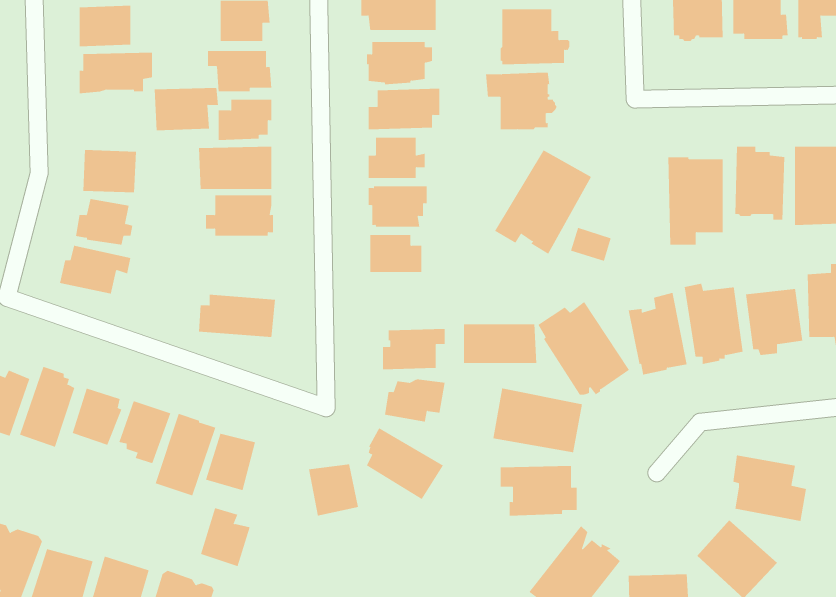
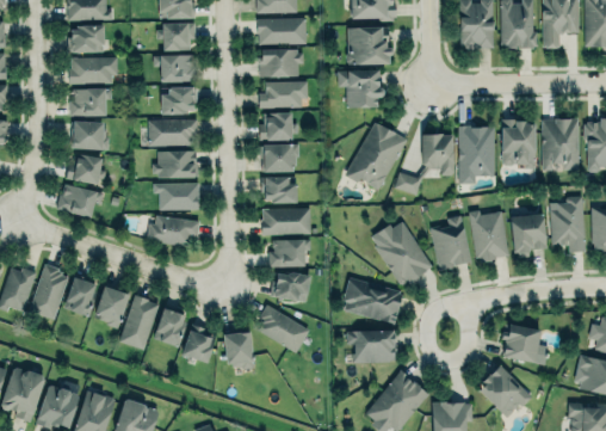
building: [154,87,219,131] -> [69,87,112,116]
building: none -> [421,134,453,174]
building: none -> [153,183,198,210]
building: [463,324,537,364] -> [262,208,311,234]
building: [200,507,251,567] -> [183,324,216,363]

